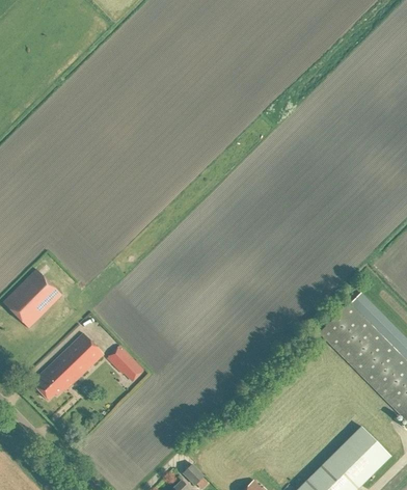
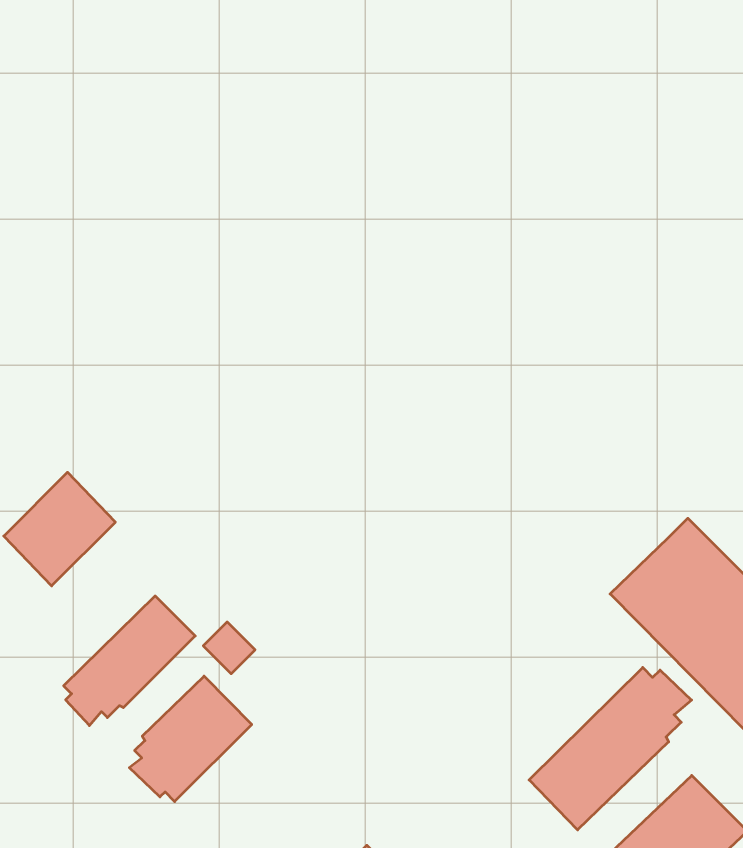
building: none -> [529,667,692,830]
building: none -> [129,676,252,802]

